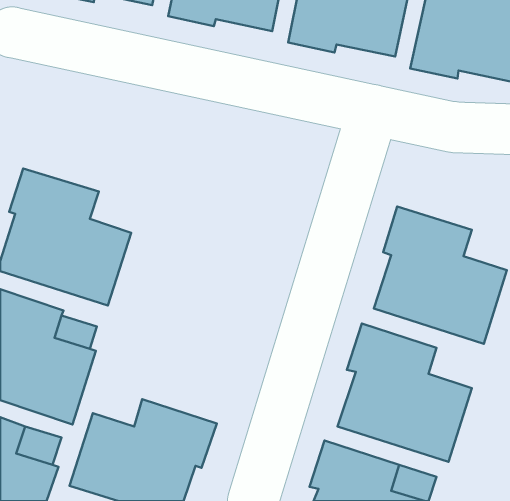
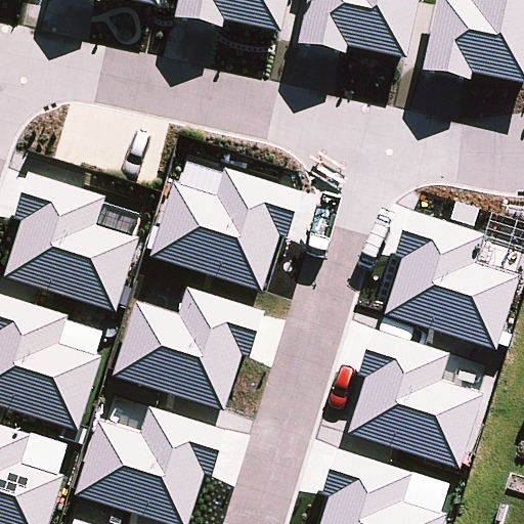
building: none -> [150,166,301,291]
building: none -> [113,286,263,409]

